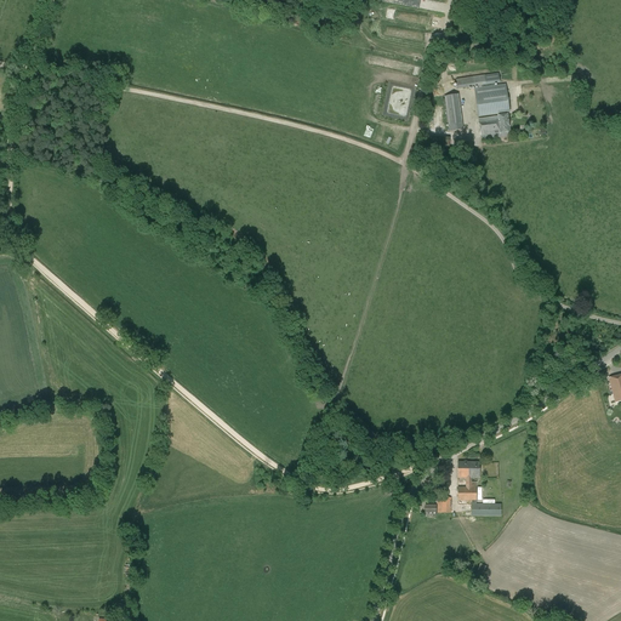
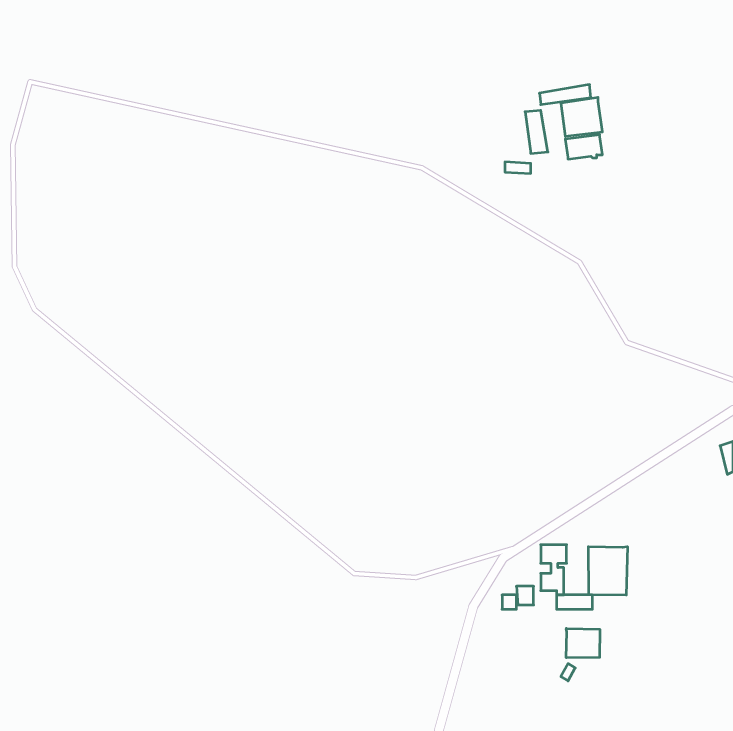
building: none -> [588,547,627,595]
building: none -> [566,628,600,658]

